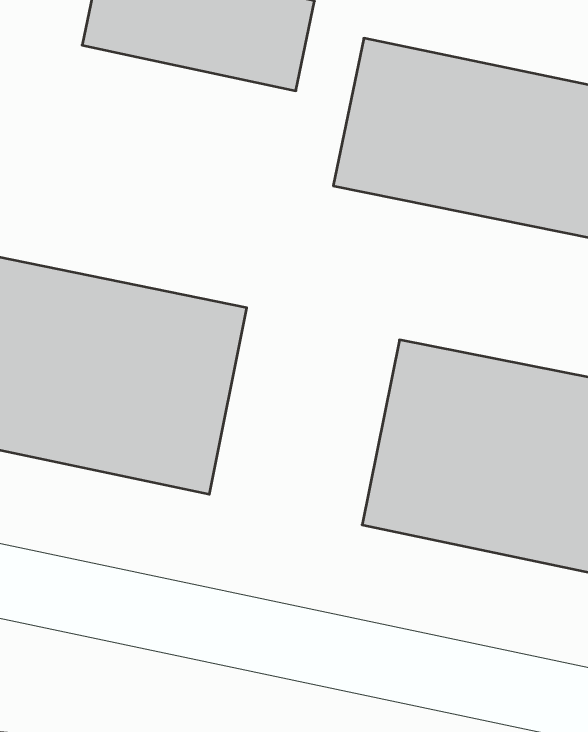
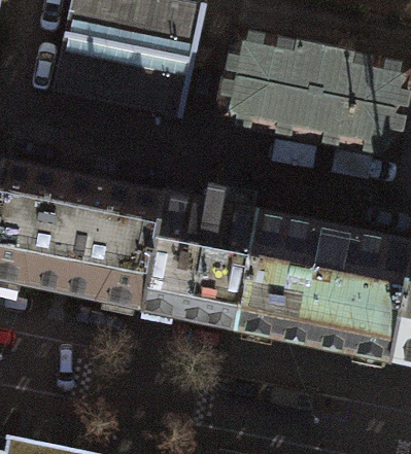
building: none -> [53,35,194,116]
building: none -> [141,187,256,326]

